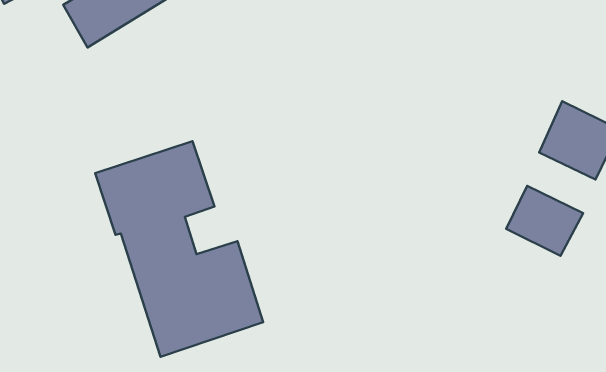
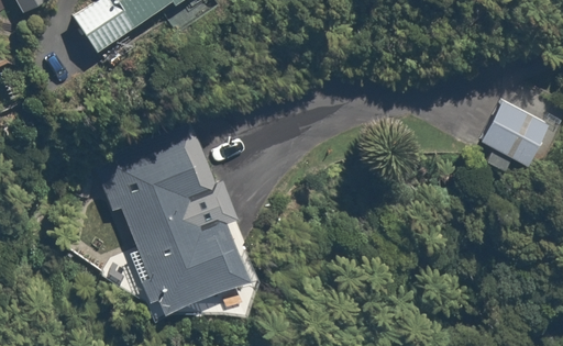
building: [506,186,583,256] -> none

